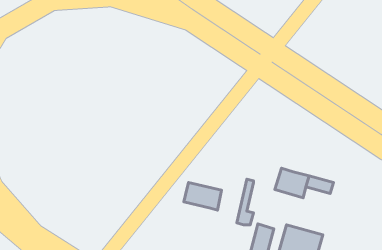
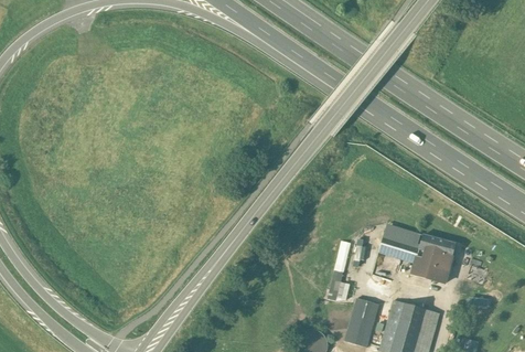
building: [184,183,221,210] -> none
building: none -> [413,249,451,282]

